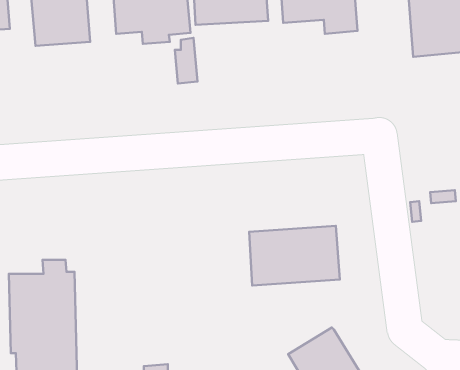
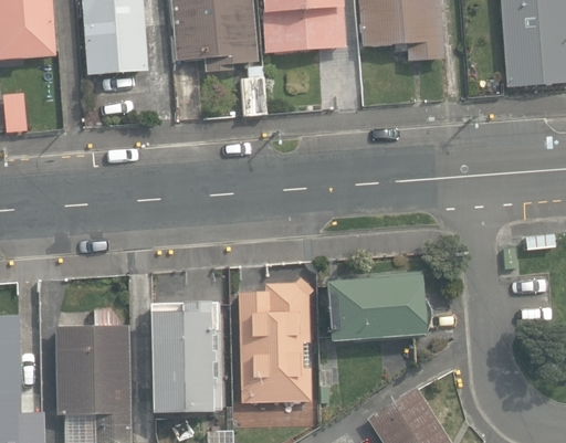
building: none -> [235,278,313,403]
building: none -> [151,302,221,412]

